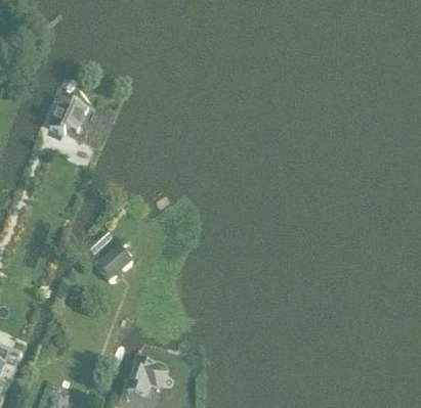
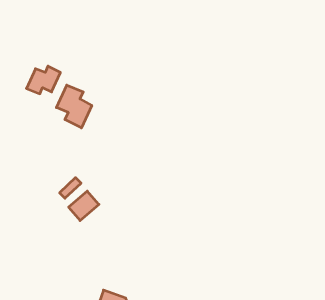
building: none -> [56,85,92,128]

